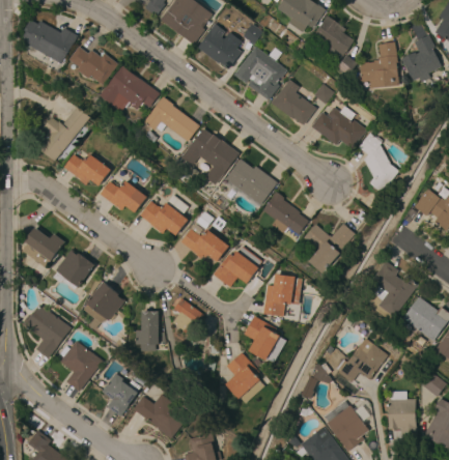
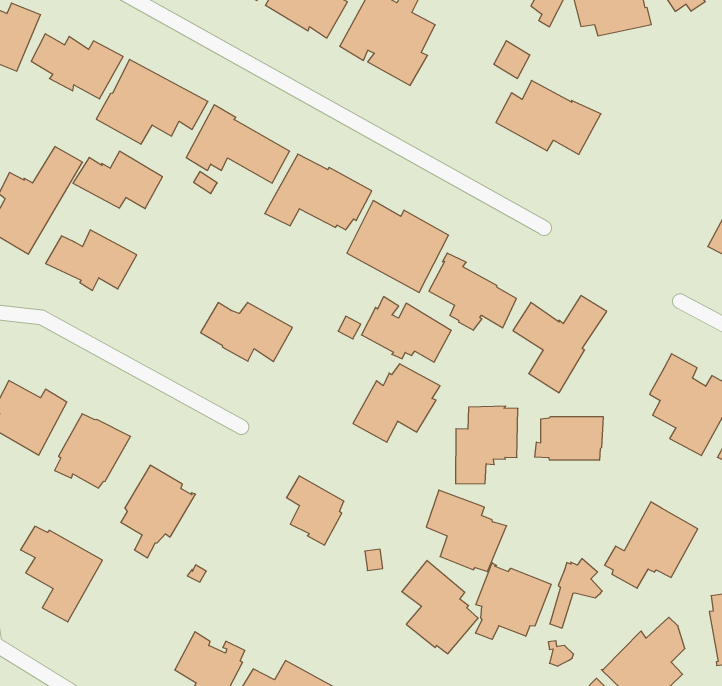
building: [270,80,315,125] -> none
building: [358,134,398,193] -> none
building: [99,180,146,212] -> [73,151,162,209]
building: [180,224,228,262] -> [361,297,451,362]
building: none -> [535,417,603,460]
building: [136,312,158,351] -> none
building: [58,341,102,392] -> none
building: none -> [476,563,551,639]

